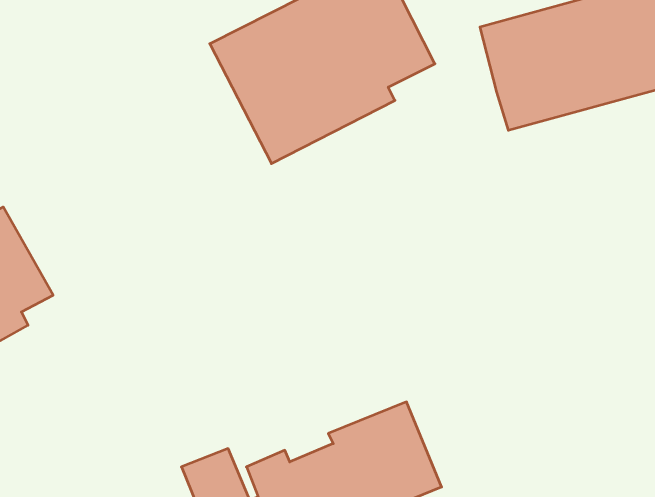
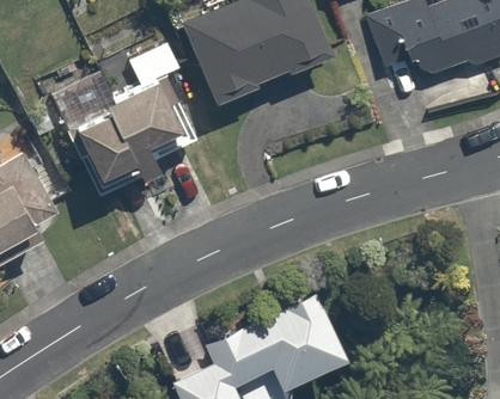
building: none -> [48,69,197,189]

